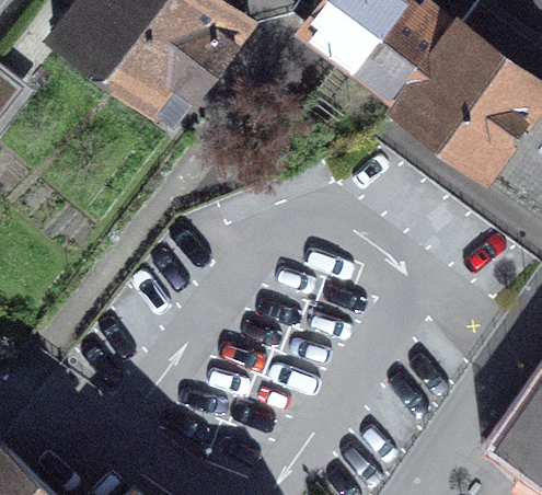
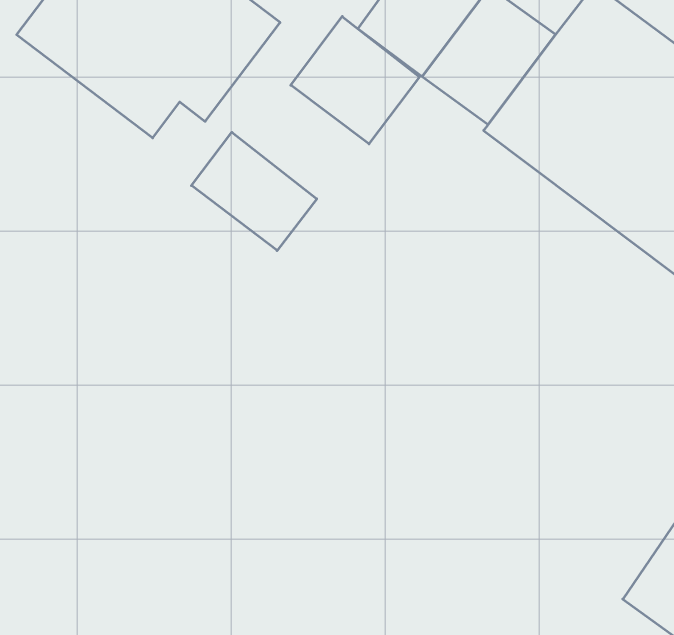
building: none -> [291,16,419,144]
building: none -> [191,132,317,251]

